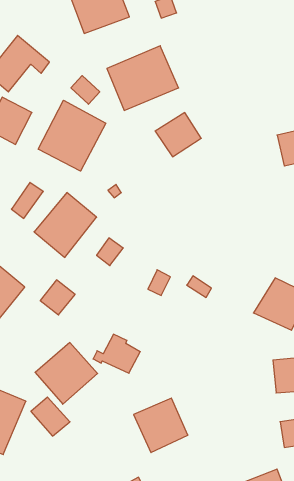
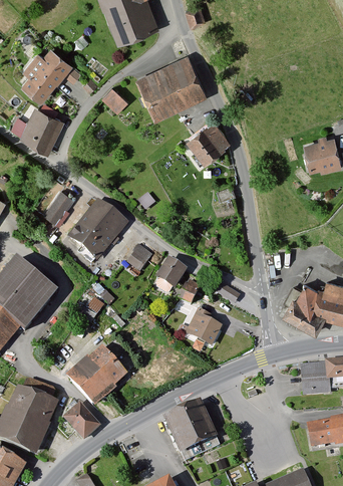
building: [38,100,106,171] -> none
building: none -> [155,256,188,289]
building: [93,334,140,373] -> [178,305,224,343]

